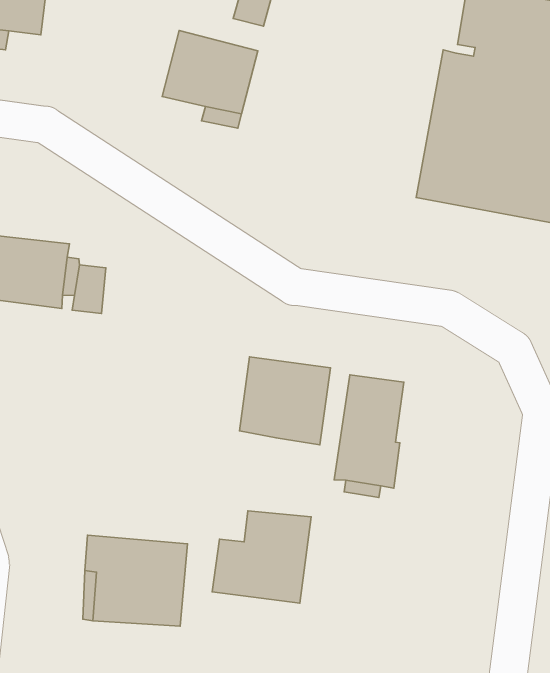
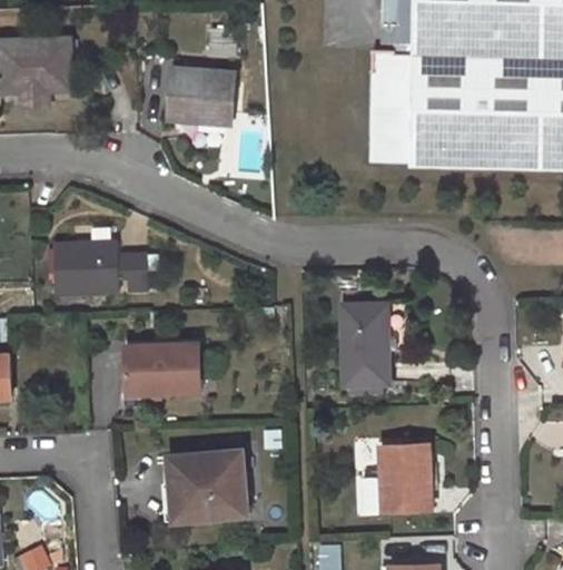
building: [240,357,331,445] -> none
building: none -> [125,343,201,393]
building: [212,511,311,603] -> [364,442,432,510]

